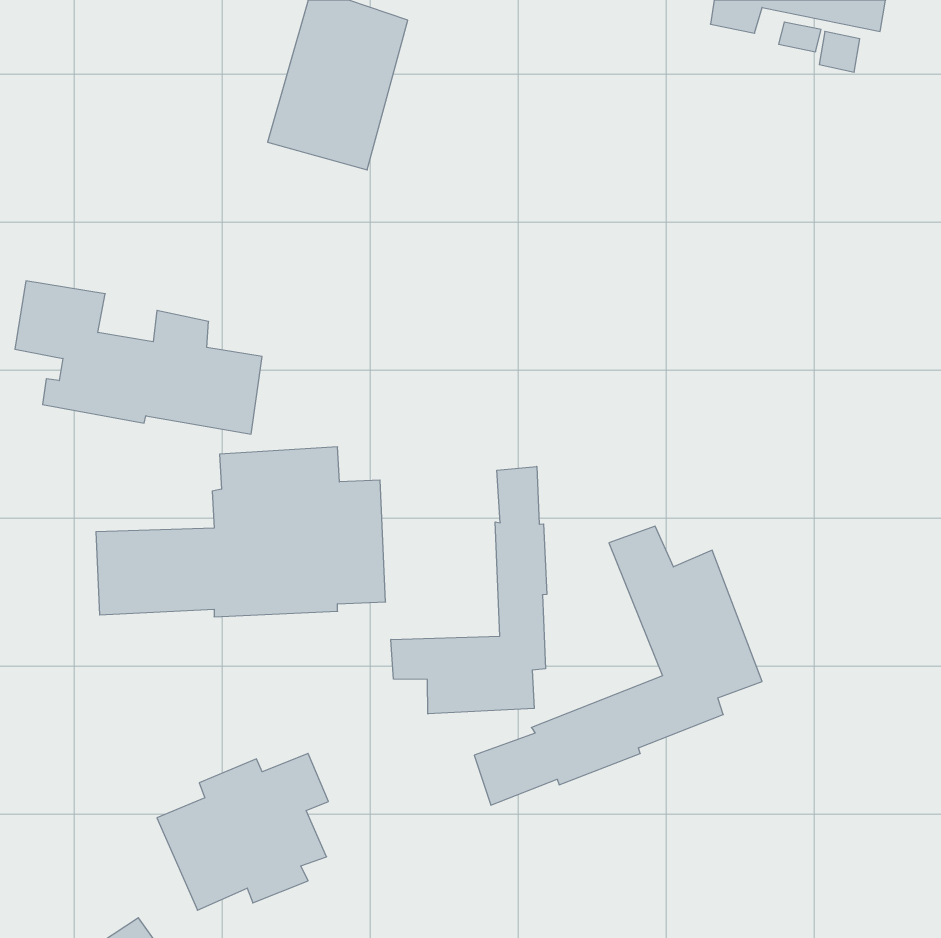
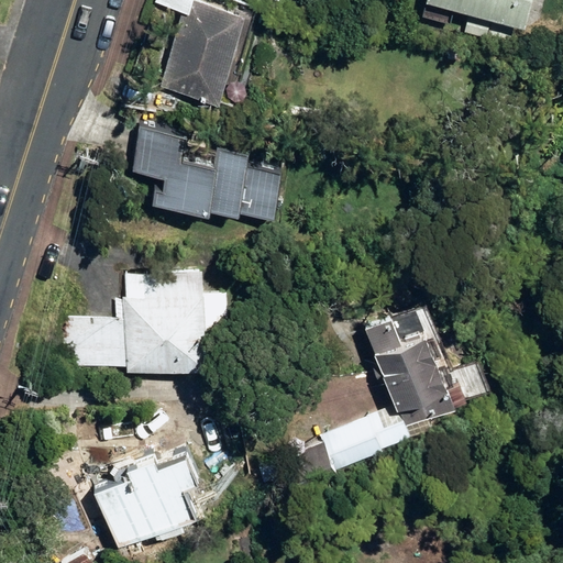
building: [15,281,262,434] -> [132,126,279,218]
building: [391,466,547,714] -> none

